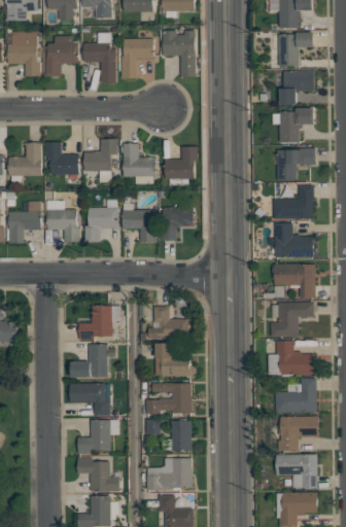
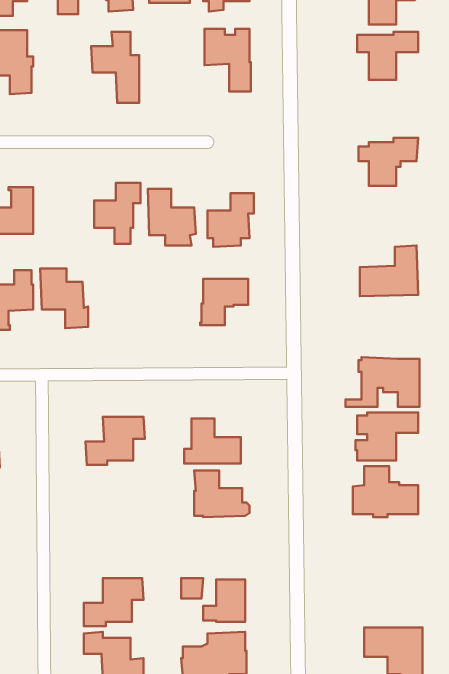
building: [44,36,78,77] -> none
building: [120,39,153,78] -> none
building: [280,71,314,105] -> none
building: [45,142,78,175] -> none
building: [277,148,315,181] -> none
building: [84,200,118,242] -> none
building: [123,204,157,242] -> none
building: [275,223,313,257] -> none
building: [71,345,108,378] -> none
building: [275,379,316,413] -> none
building: [70,383,110,416] -> none
building: [146,384,193,414] -> none
building: [278,417,318,451] -> none

